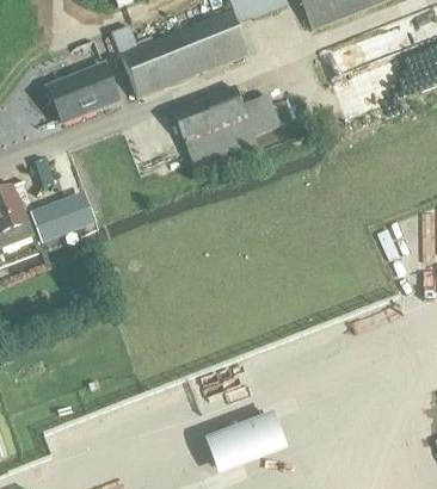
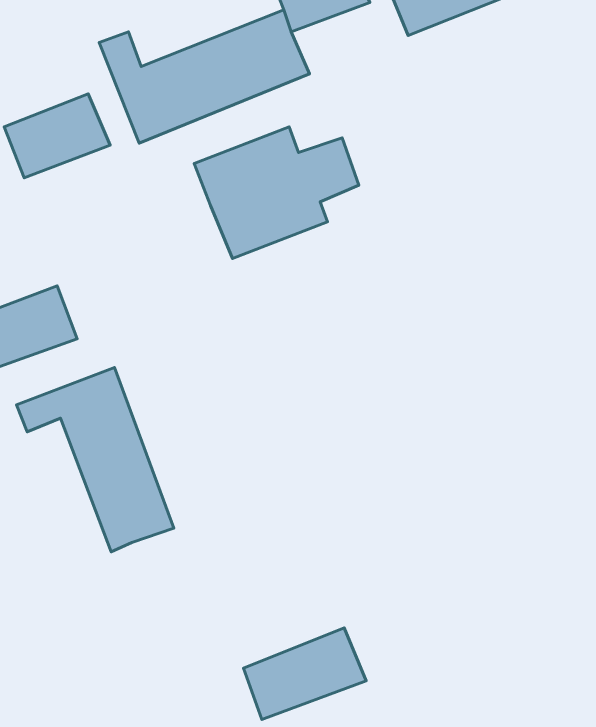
building: none -> [16,368,174,552]

